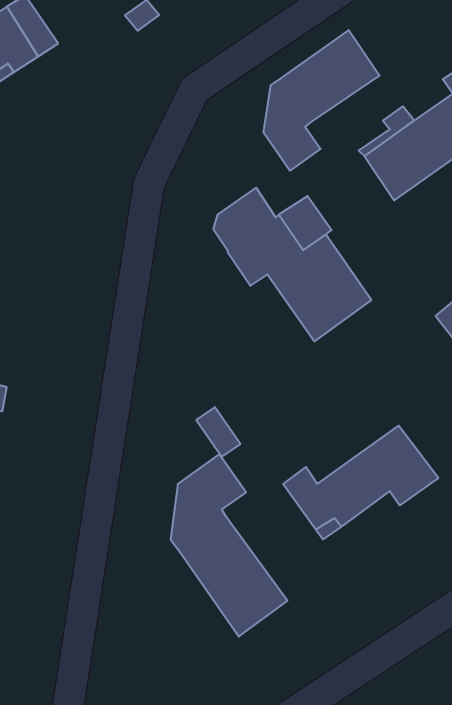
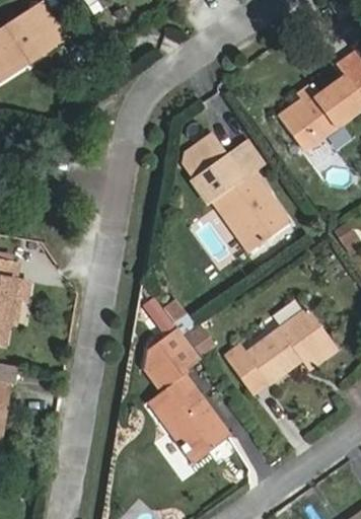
building: [263,30,380,171] -> none

